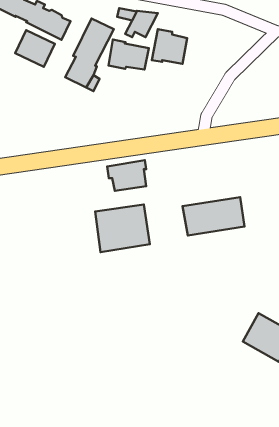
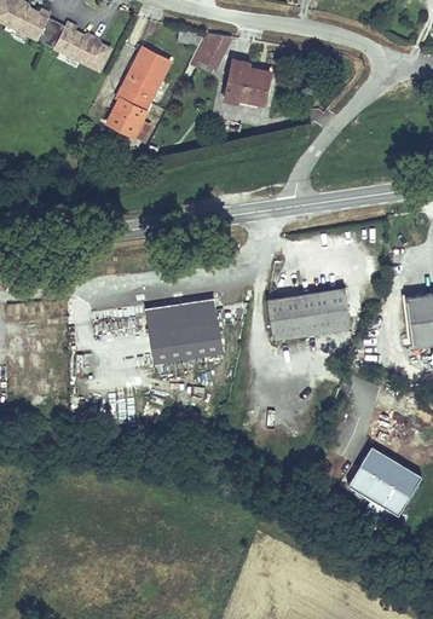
building: [15,30,55,67] -> none
building: [108,40,149,70] -> none
building: [107,160,146,191] -> none

